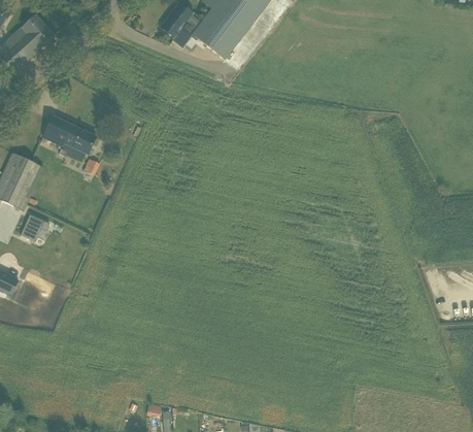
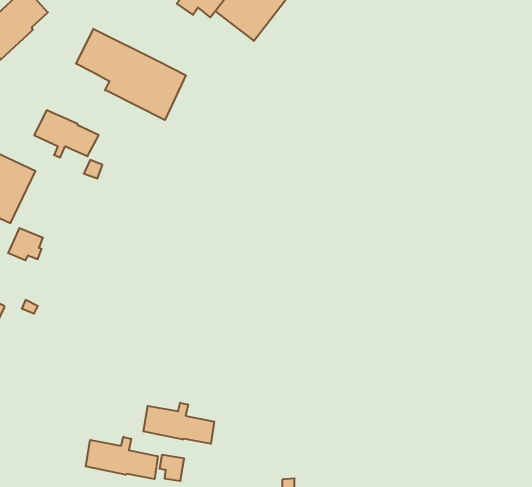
building: none -> [76,29,186,120]
building: none -> [143,403,214,444]
building: none -> [86,437,158,479]

